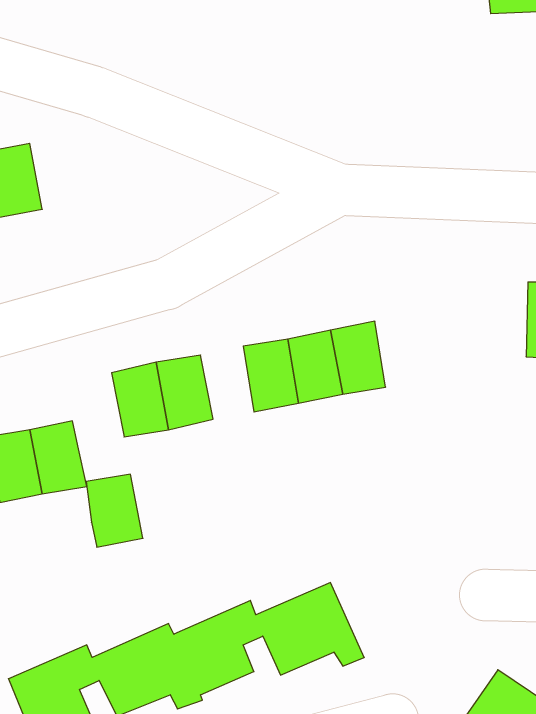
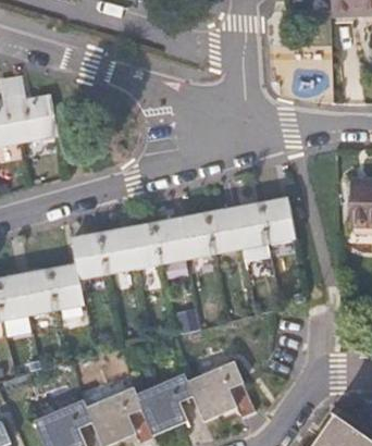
building: none -> [260,199,294,244]
building: none -> [153,219,186,263]
building: [86,474,143,547] -> [72,235,107,280]

